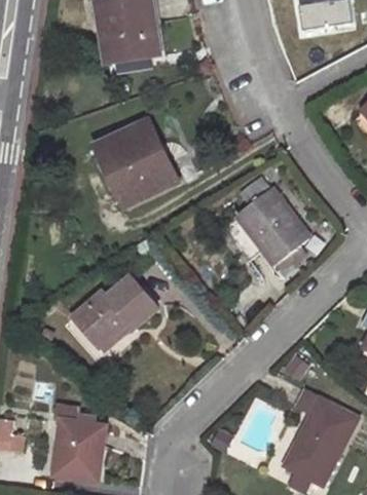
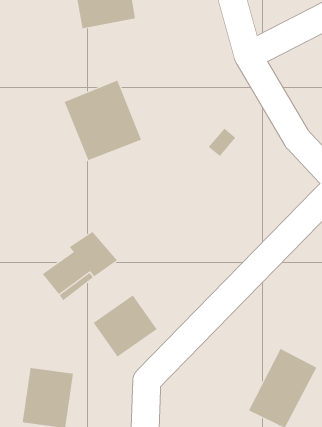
building: [225,189,310,262] -> none
building: none -> [93,295,158,357]

